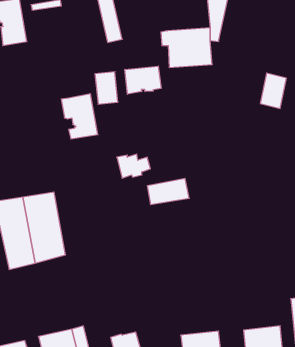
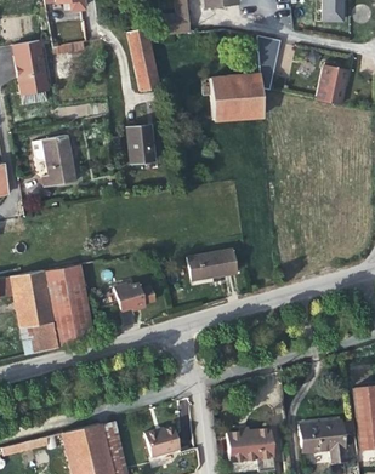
building: [125,66,161,94] -> none
building: [260,73,286,109] -> [318,64,348,105]
building: [61,94,98,139] -> [34,135,76,187]
building: [117,154,150,178] -> [115,282,154,310]

